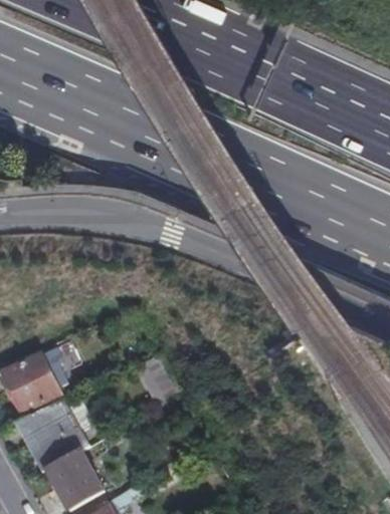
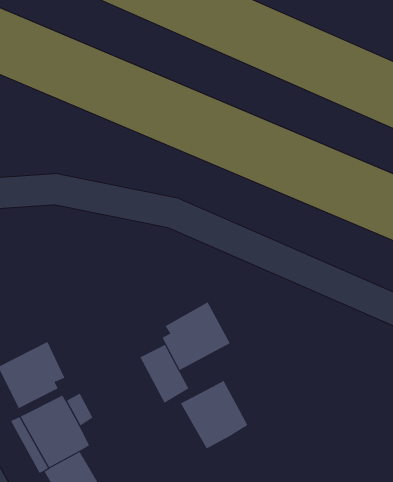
building: none -> [162,301,231,371]
building: none -> [180,380,248,449]

